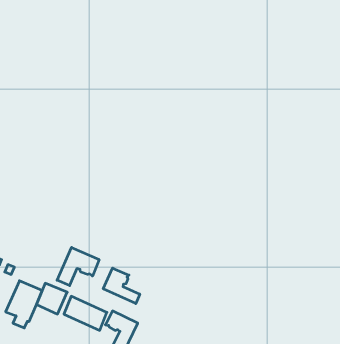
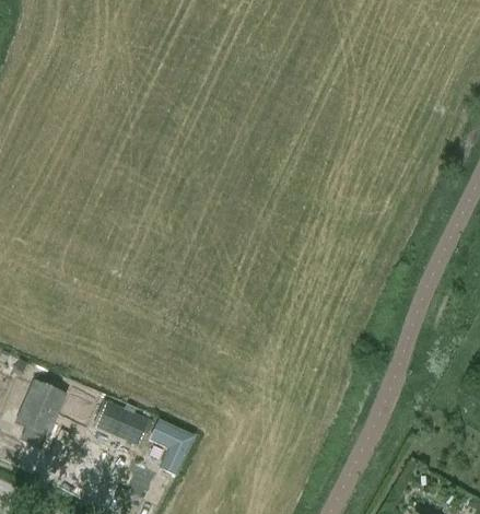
building: [57,247,99,286] -> none
building: [103,268,140,304] -> none

